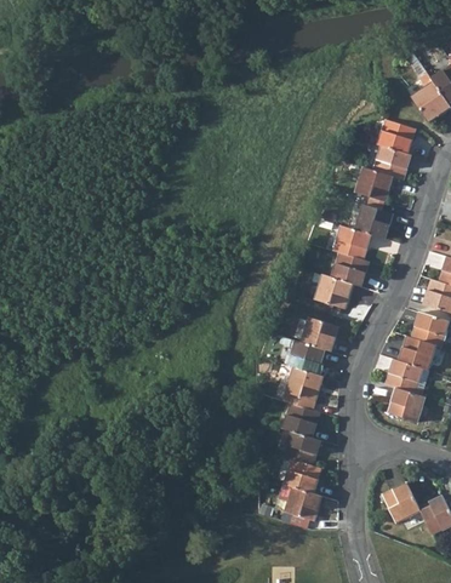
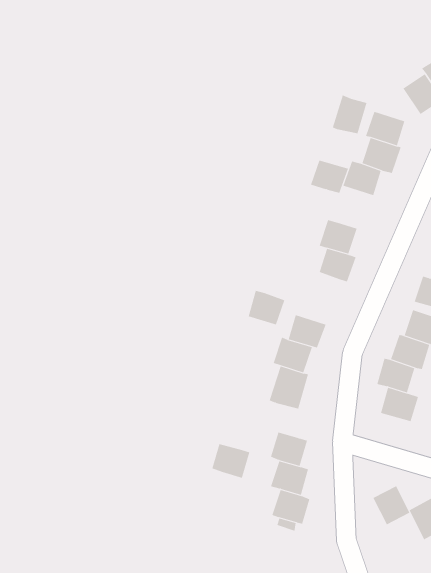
building: none -> [332,95,367,134]
building: [352,205,389,238] -> [310,160,349,193]
building: [313,274,349,308] -> [248,290,285,325]
building: [280,404,318,438] -> [211,443,250,478]

